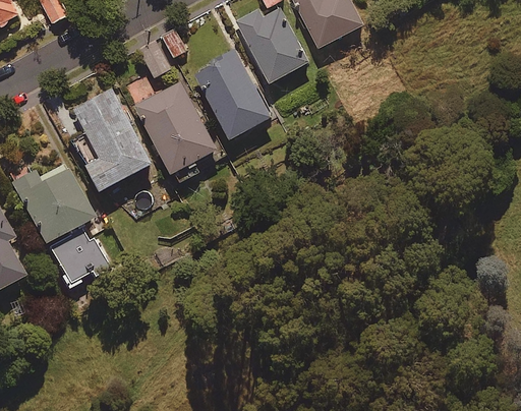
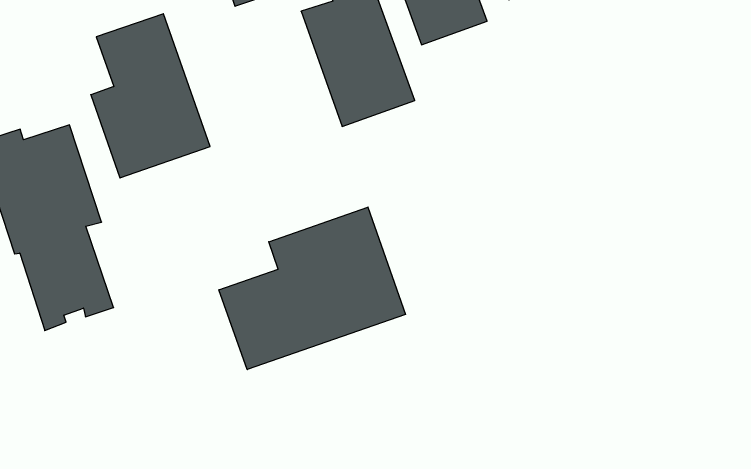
building: [133,80,216,186] -> none
building: none -> [219,207,406,370]

